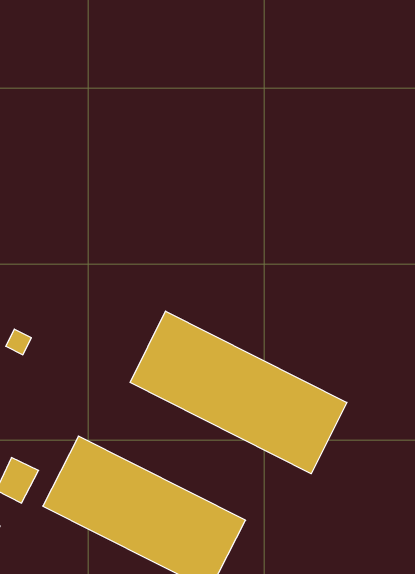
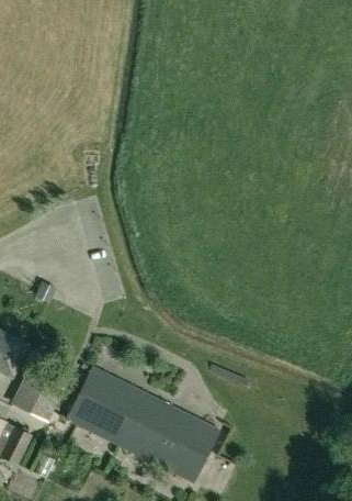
building: [130,311,347,474] -> none

